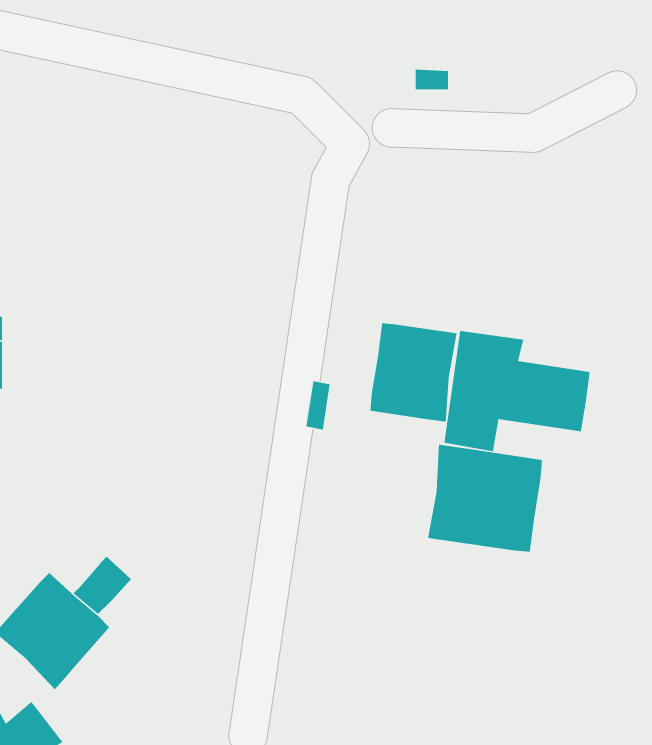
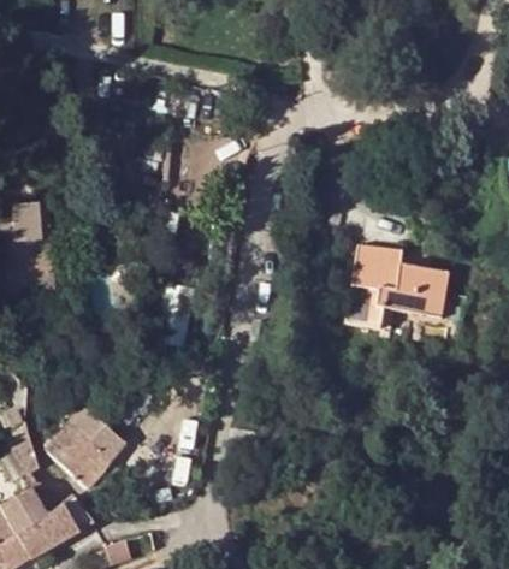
building: [369,323,457,423] -> none
building: [427,444,543,552] -> none

